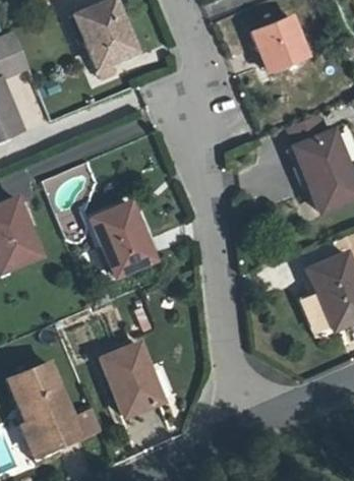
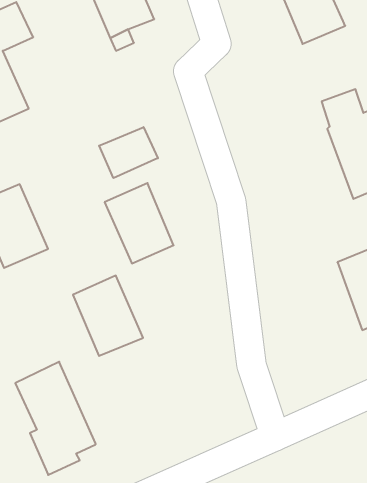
building: none -> [99,127,158,178]
building: [104,342,167,414] -> [73,276,143,356]

